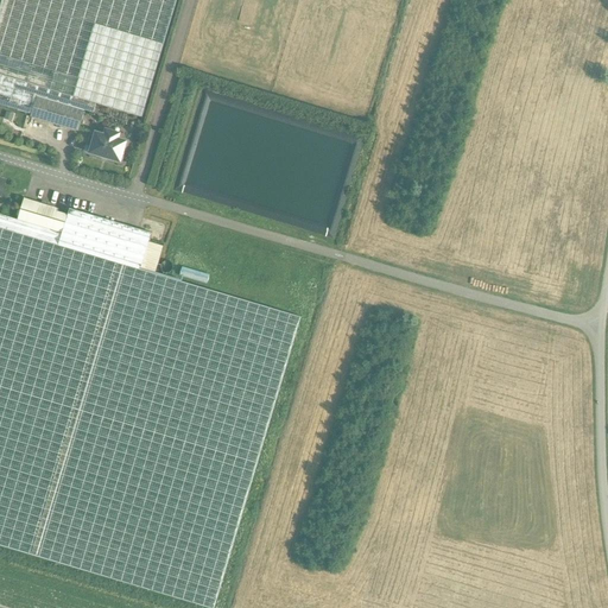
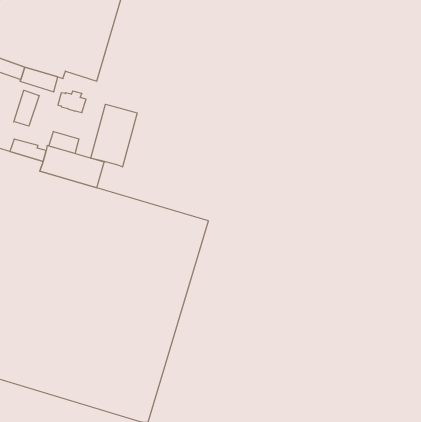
building: none -> [14,90,39,126]
building: none -> [91,104,137,167]
building: none -> [49,131,79,153]

